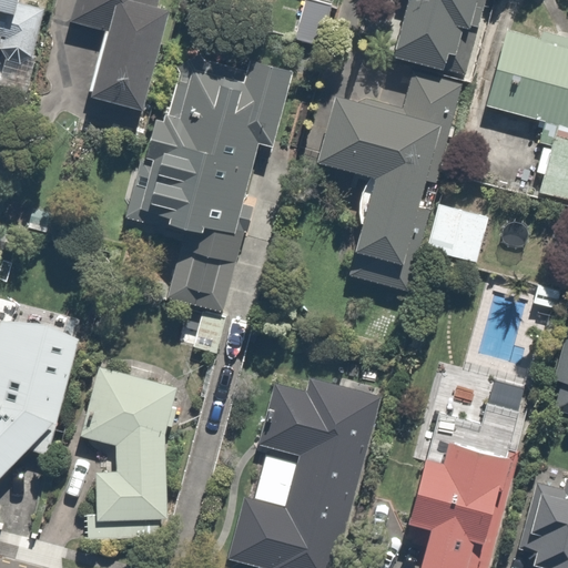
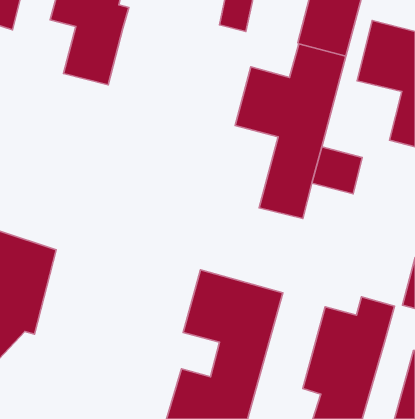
building: [152,48,294,352] -> none
building: [82,366,176,521] -> none

